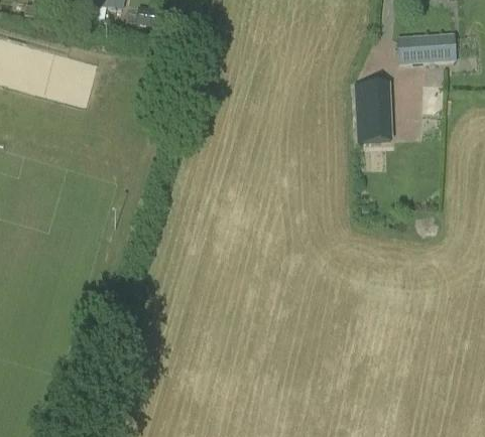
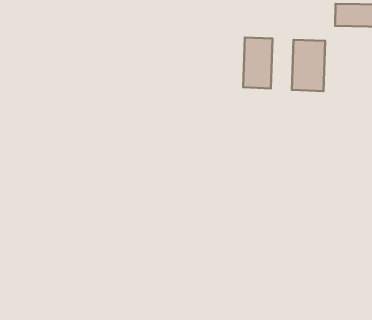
building: none -> [243,37,272,88]

